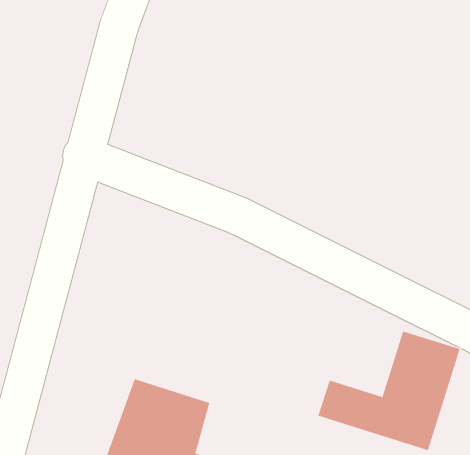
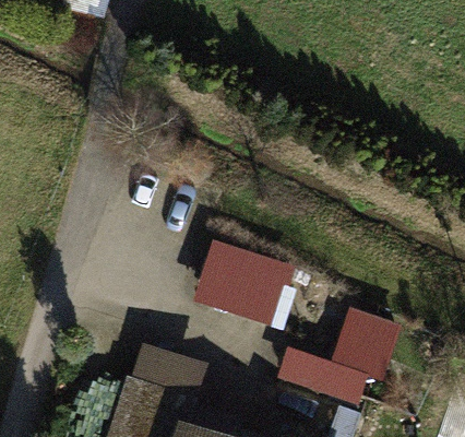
building: none -> [184,238,290,326]

